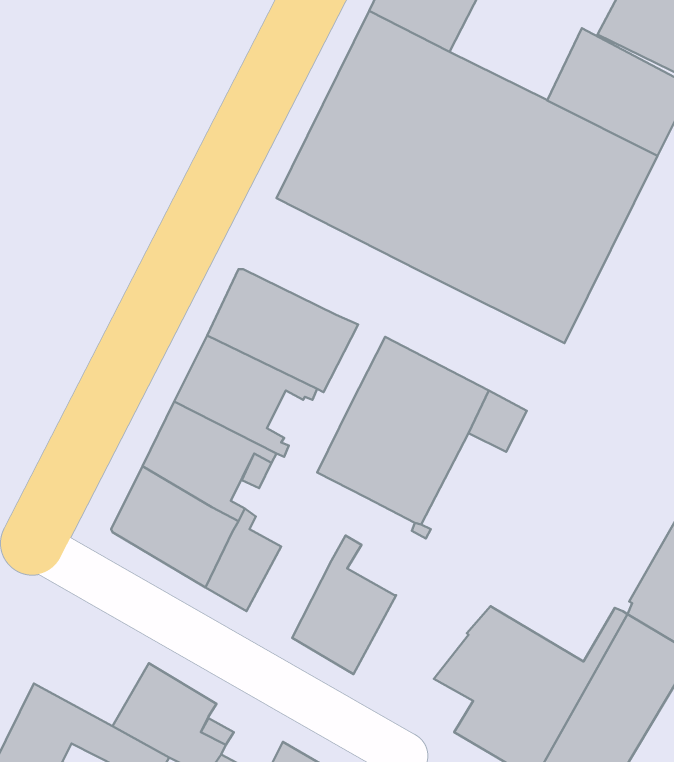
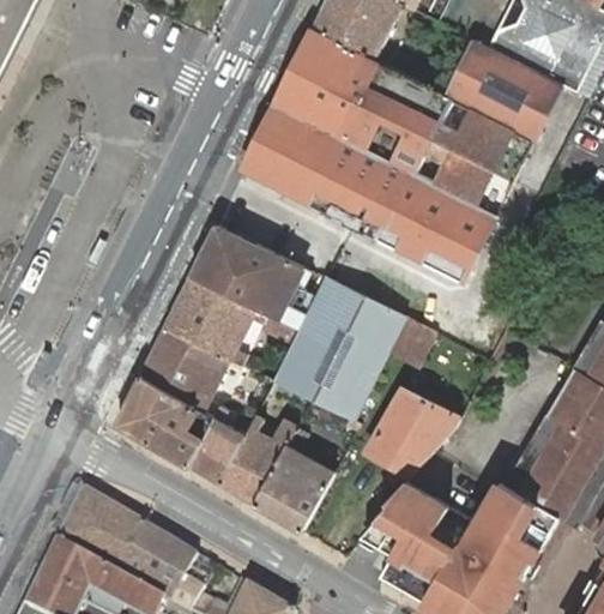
building: none -> [367,387,460,476]
building: none -> [219,417,295,505]
building: none -> [58,489,145,572]

